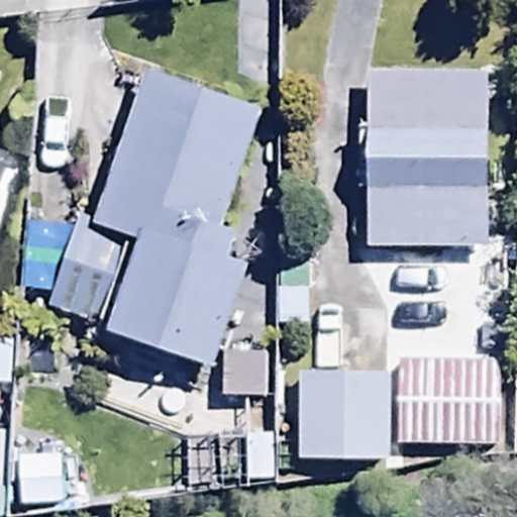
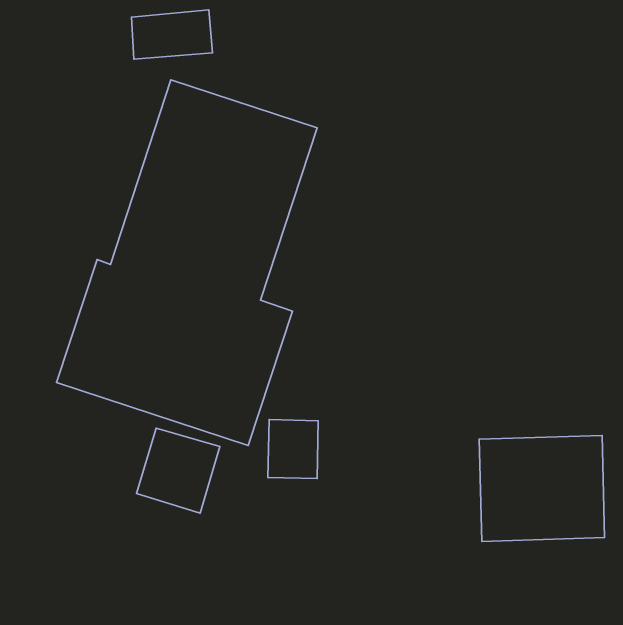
building: [367,68,488,243] -> none
building: [299,372,388,458] -> none

